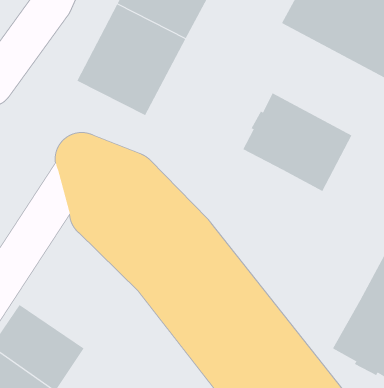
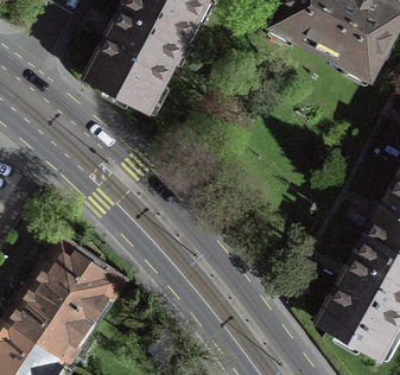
building: [242,93,352,192] -> none
building: none -> [32,240,120,322]

